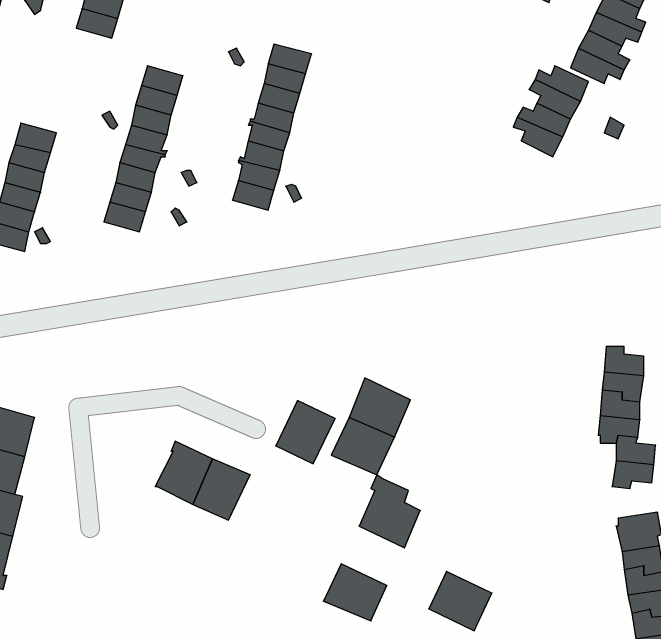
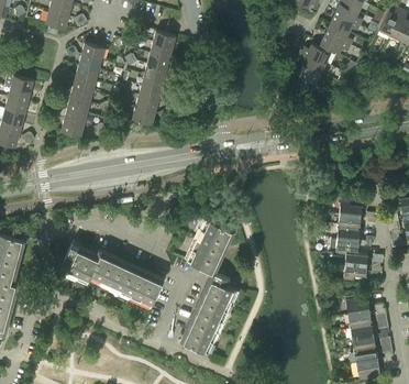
building: [276,401,335,464] -> [130,272,163,307]
building: none -> [65,243,99,284]
building: [429,571,492,631] -> [192,300,228,333]

